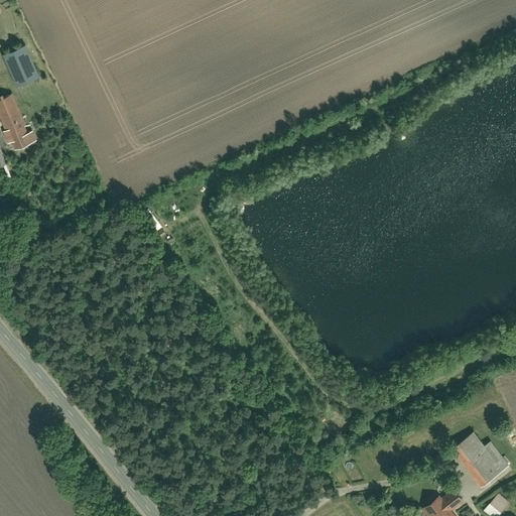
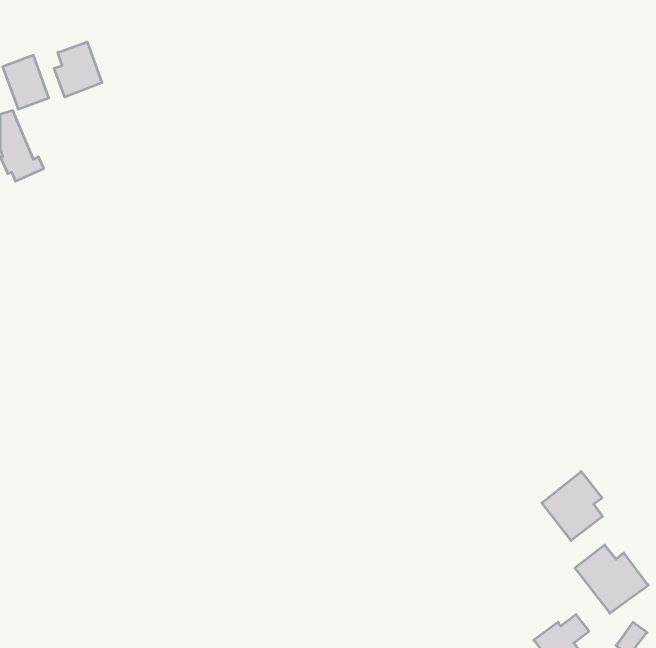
building: none -> [54,42,102,97]
building: none -> [542,471,602,541]

